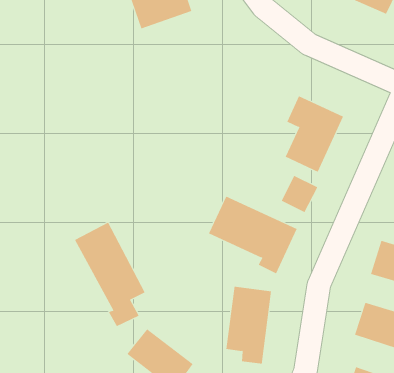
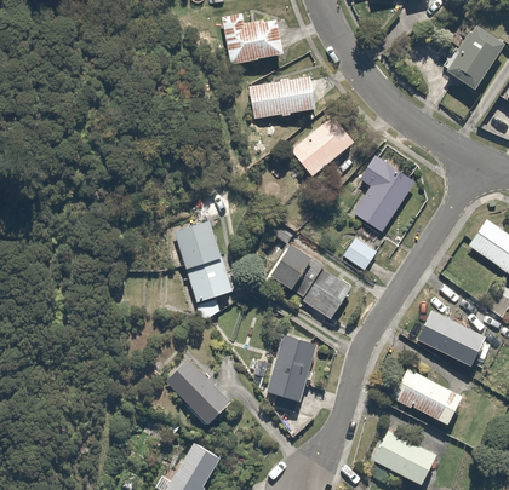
building: none -> [248,75,315,120]
building: none -> [291,116,353,177]
building: [74,222,146,327] -> [175,219,236,323]

